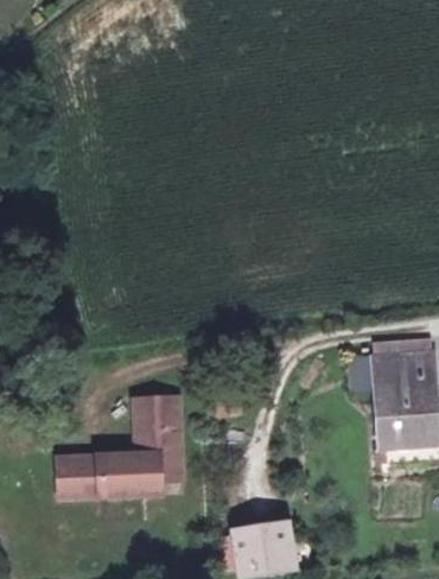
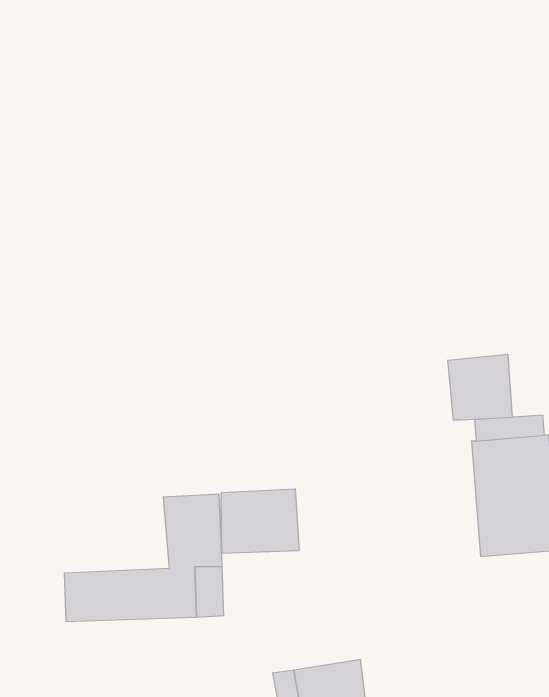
building: none -> [448,354,512,420]
building: none -> [221,489,299,553]

